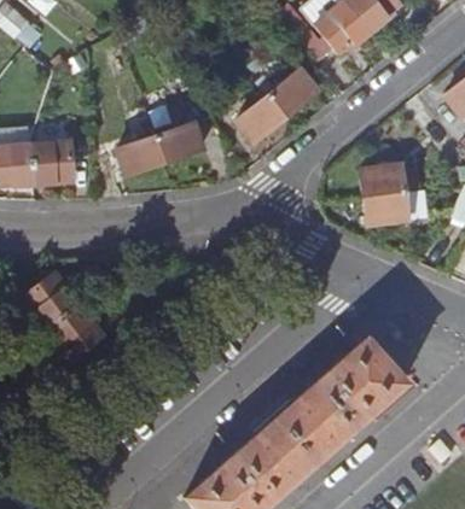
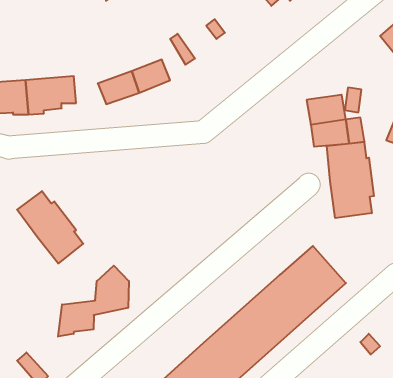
building: [238,70,318,141] -> none
building: none -> [327,142,374,218]
building: none -> [58,266,129,337]

